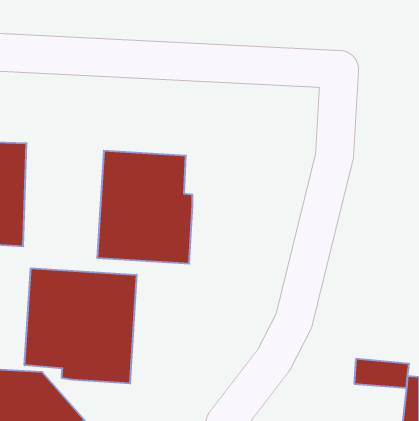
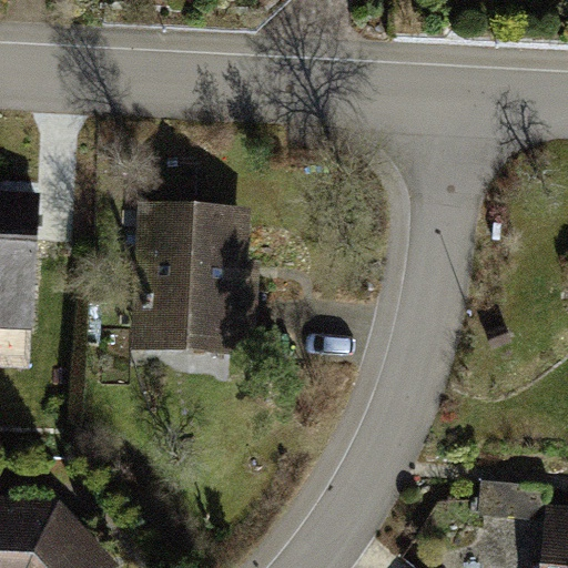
building: [25,268,137,384] -> none

